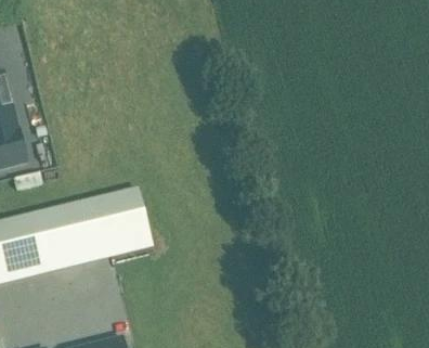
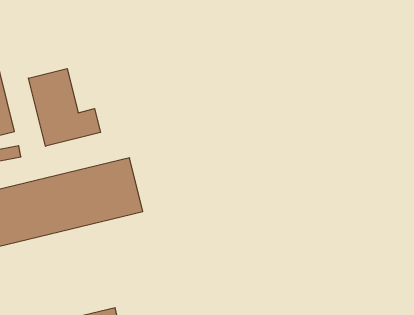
building: none -> [28,69,101,146]

